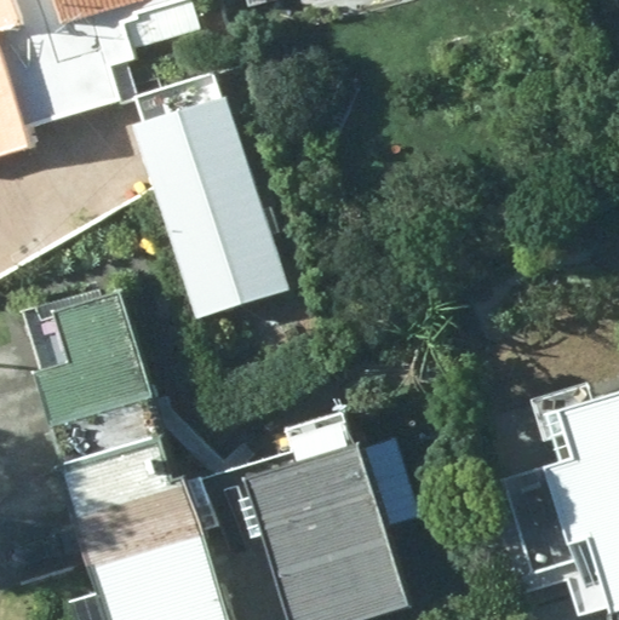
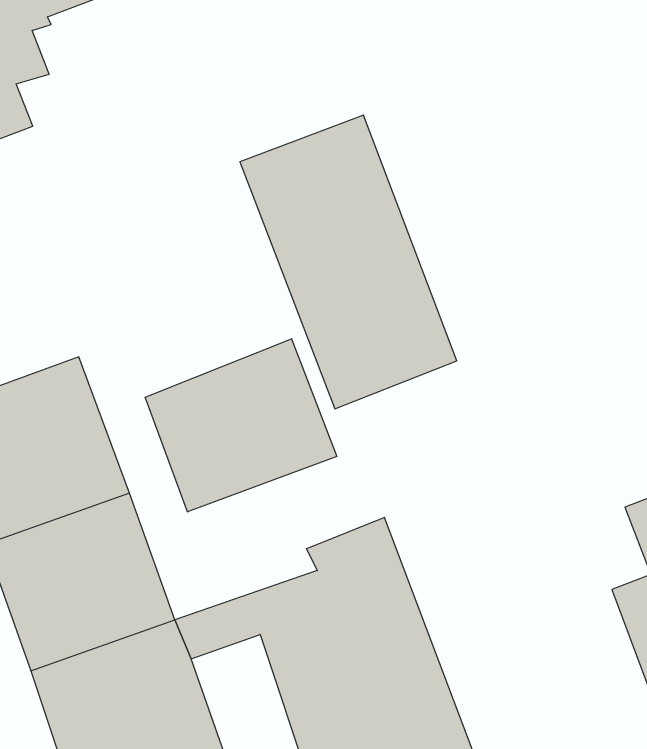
building: [125,88,281,310] -> [240,115,457,409]
building: none -> [145,339,337,512]

